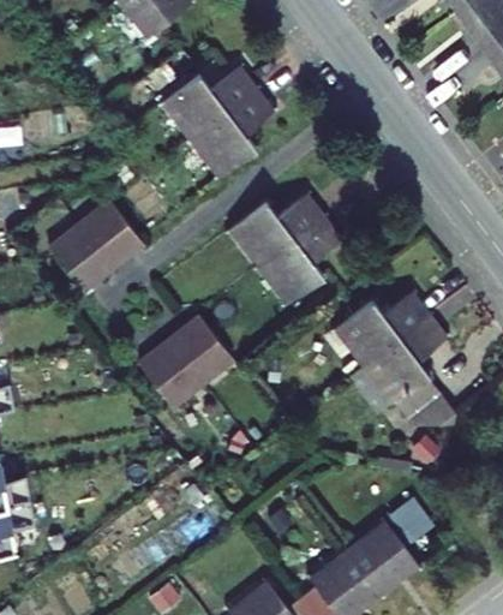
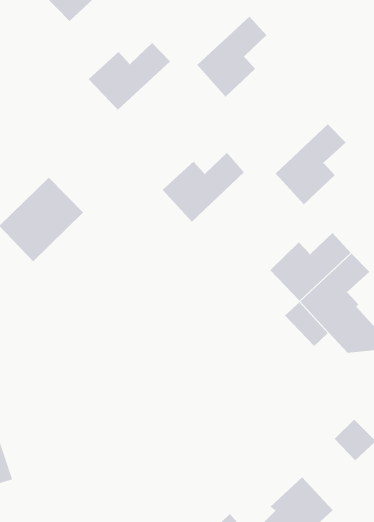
building: [191,91,270,177] -> [196,16,267,98]
building: [258,219,339,304] -> [275,123,346,205]
building: [139,317,233,407] -> none
building: [348,524,415,592] -> none

